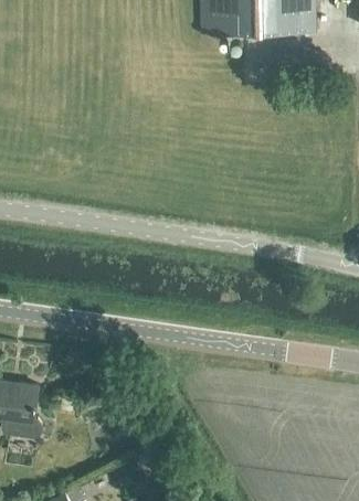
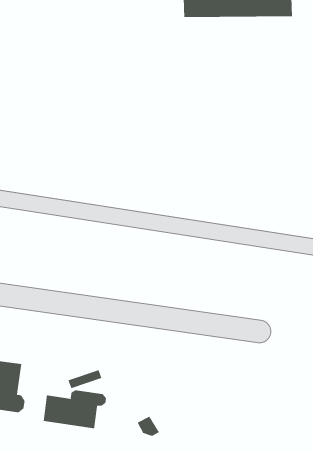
building: none -> [43,389,107,429]

